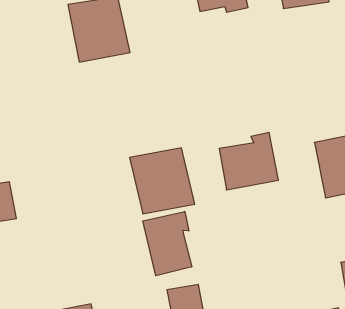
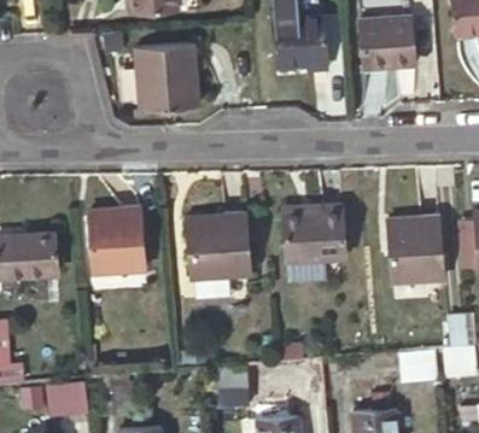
building: none -> [81,209,139,275]
building: [143,211,192,276] -> none

